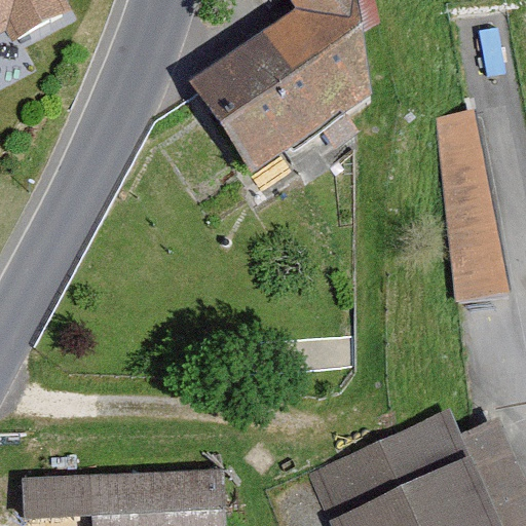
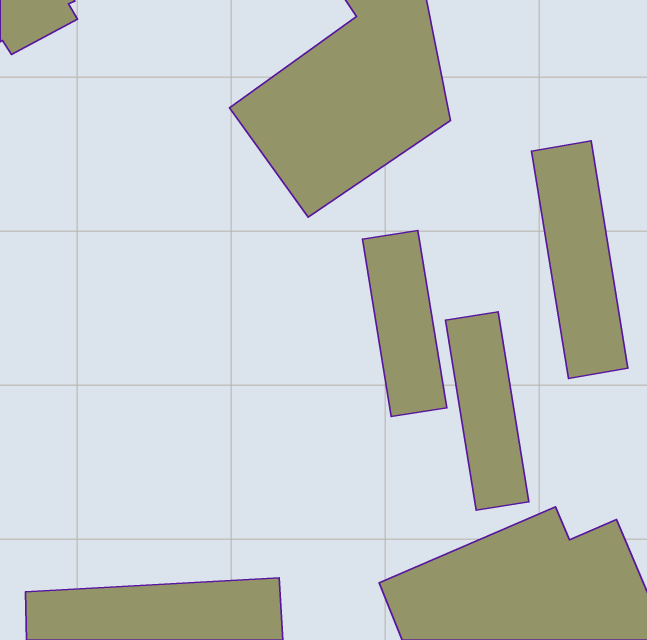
building: none -> [363,231,447,416]
building: none -> [445,312,529,510]

